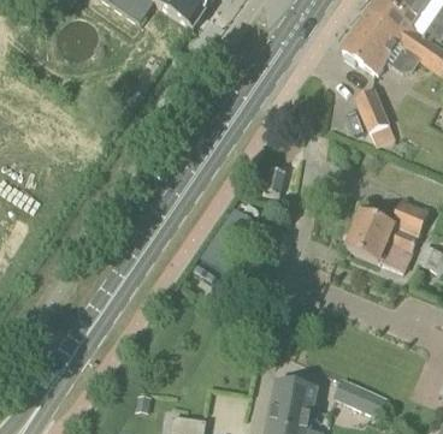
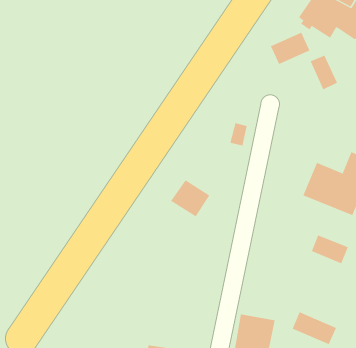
building: none -> [270,32,310,65]
building: none -> [311,234,349,264]

